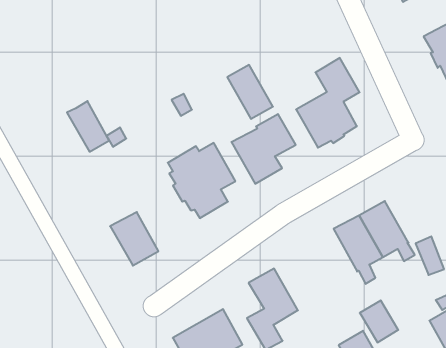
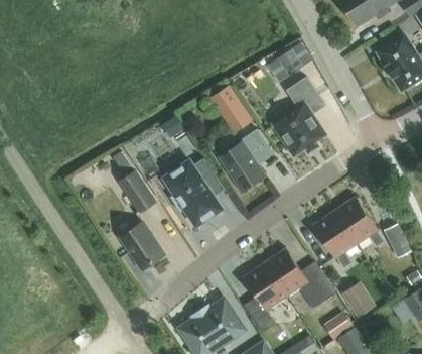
building: none -> [277,41,312,75]
building: [67,101,109,152] -> [118,168,156,212]
building: none -> [264,247,336,308]

